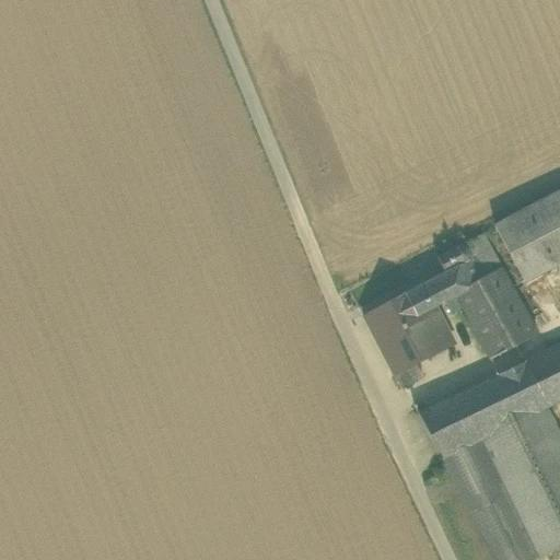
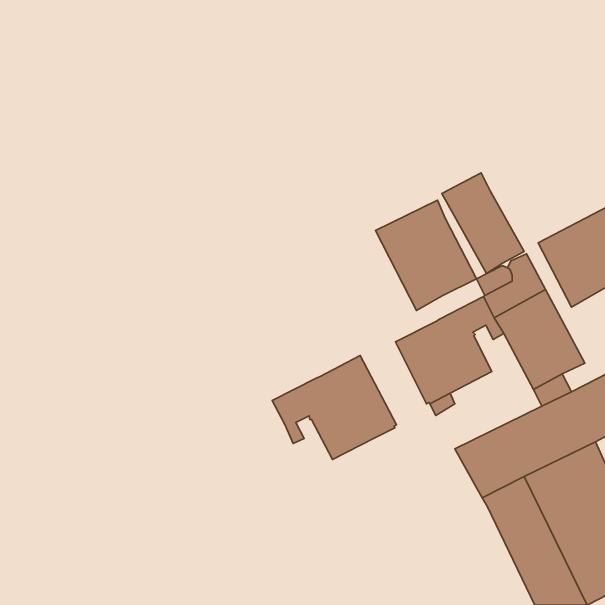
building: none -> [442,173,524,274]
building: none -> [376,200,476,311]
building: none -> [272,356,397,459]

